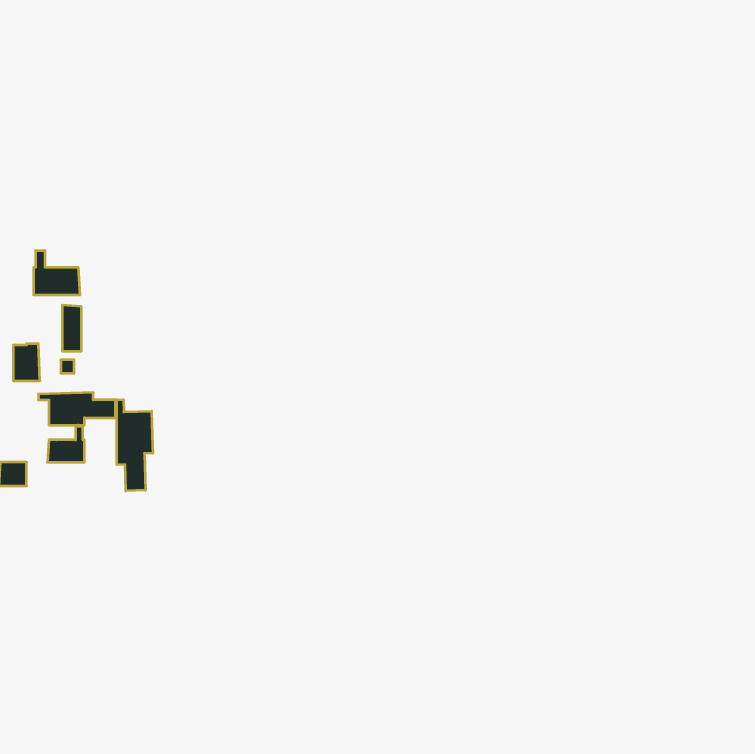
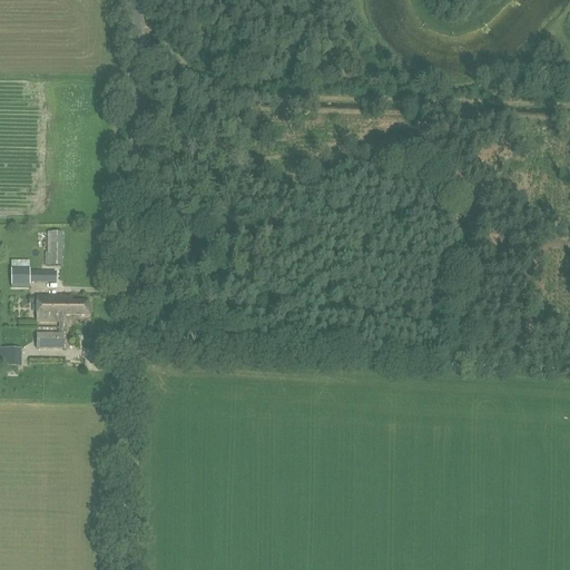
building: [34,250,80,295] -> none
building: [117,400,153,491] -> none

